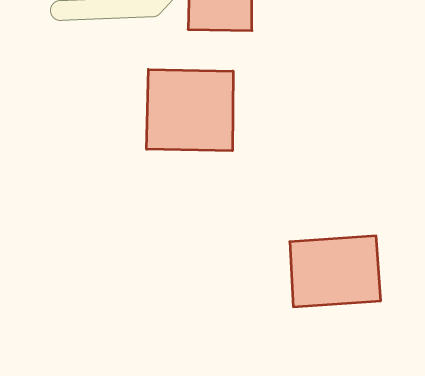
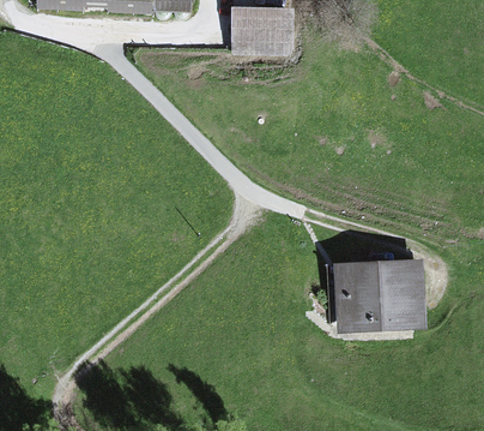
building: [147,69,233,151] -> none

